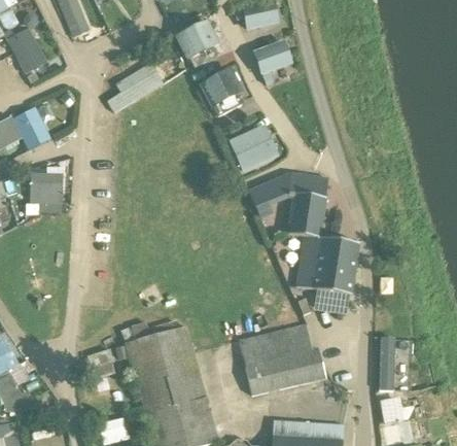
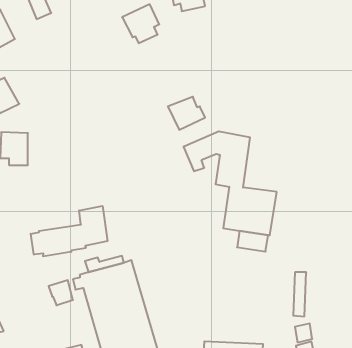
building: [254,43,287,83] -> none
building: [110,62,164,112] -> none
building: [199,67,243,115] -> none
building: none -> [31,206,107,256]
building: [239,324,325,397] -> none

